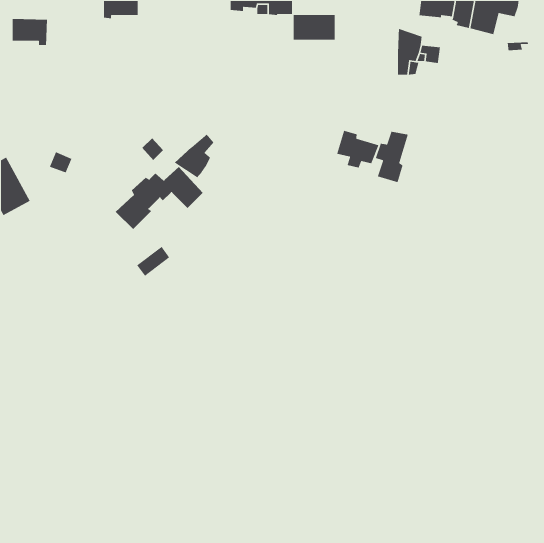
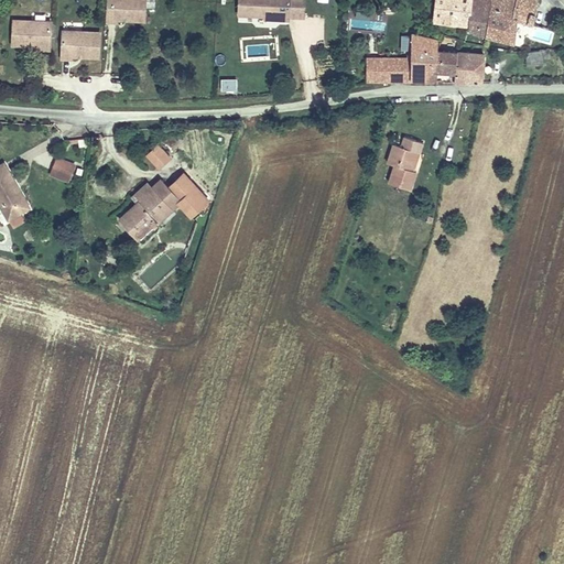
building: [293,14,335,41] -> [367,56,411,84]
building: none -> [62,30,99,57]
building: none -> [453,50,482,78]
building: [336,130,379,169] -> none
building: [174,134,215,178] -> none

